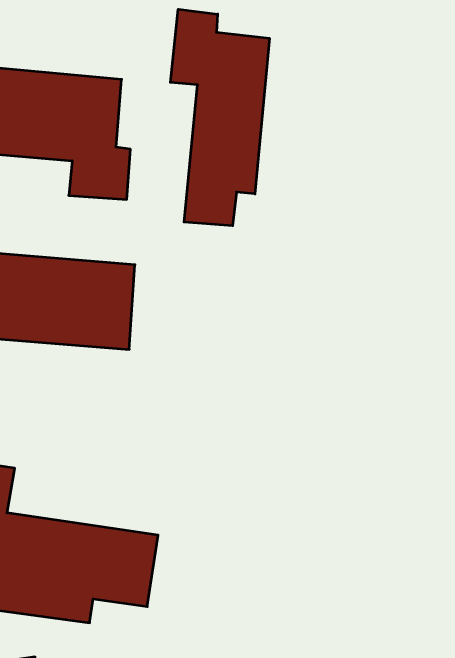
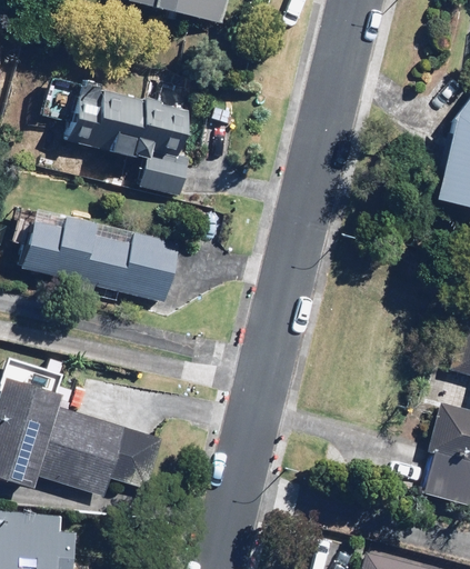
building: [170,9,269,226] -> none

